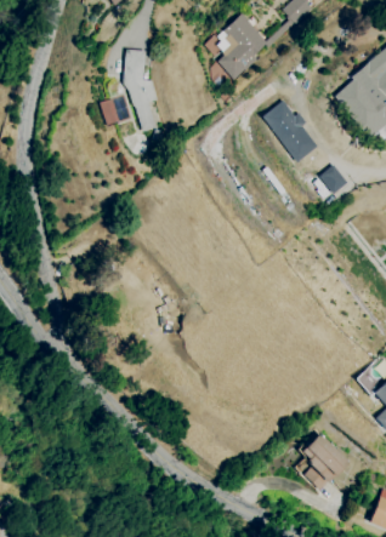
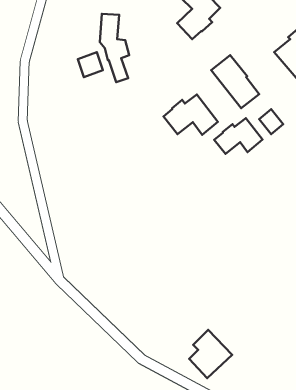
building: none -> [163,95,218,135]
building: none -> [214,118,262,154]
building: [295,432,347,490] -> [189,330,232,378]

